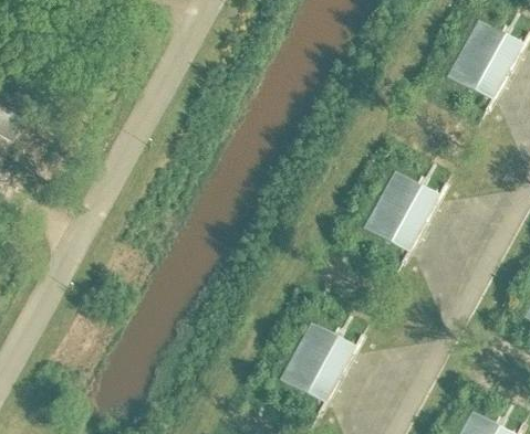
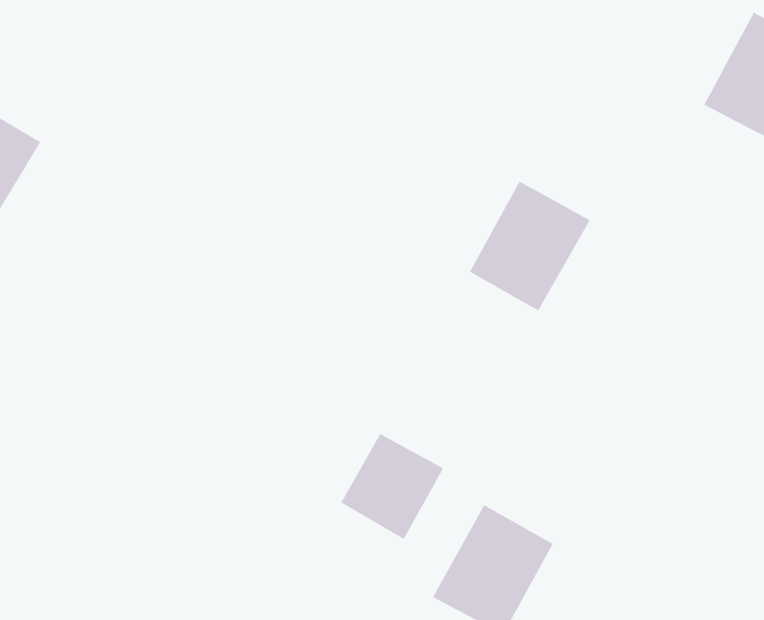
building: [365,168,440,248] -> [469,181,590,311]
building: none -> [341,433,444,540]

